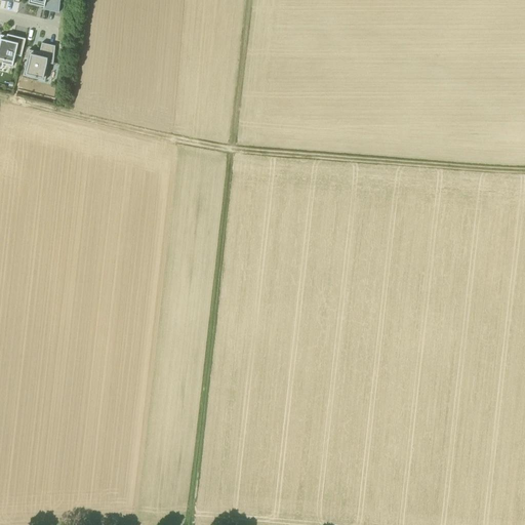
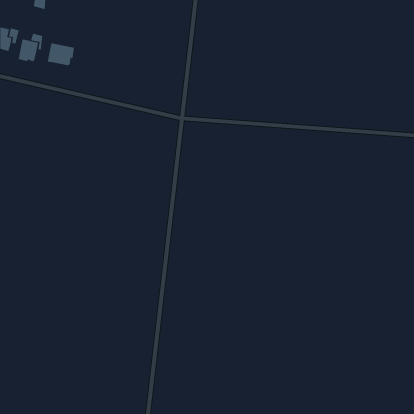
building: none -> [47,43,75,66]

